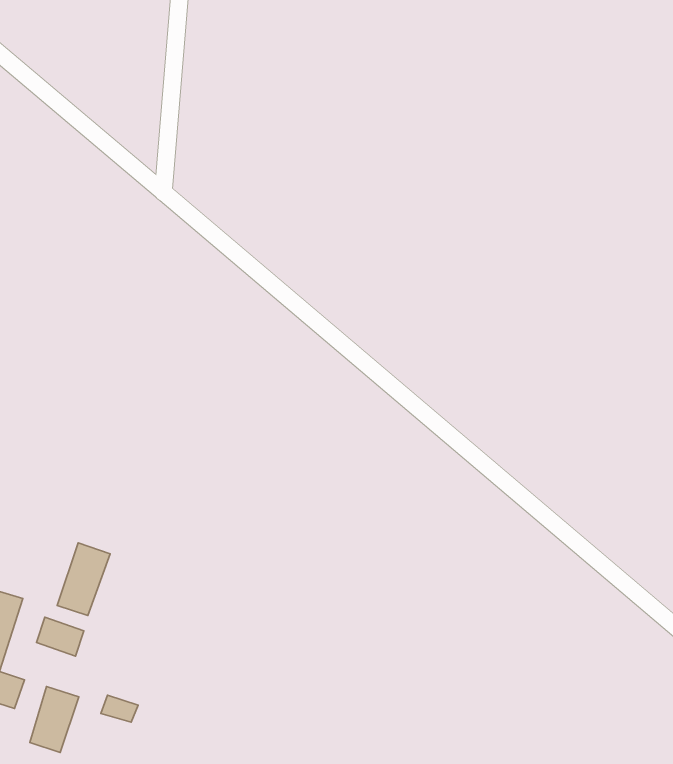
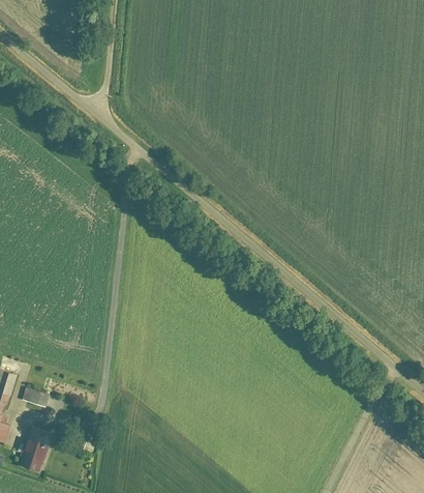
building: [57,543,110,616] -> none

